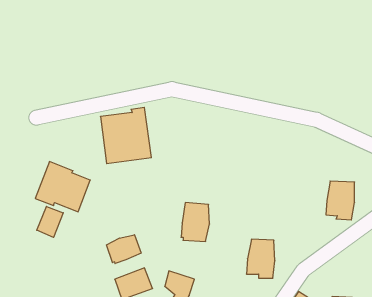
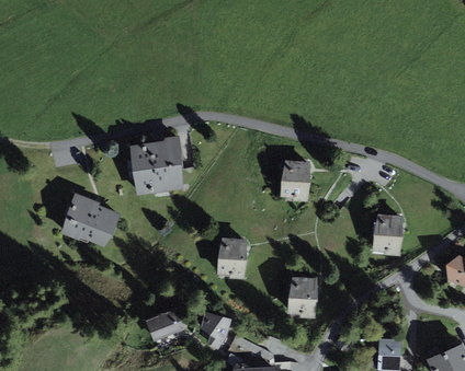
building: none -> [280,160,309,201]
building: [37,206,63,237] -> none
building: [107,235,141,264] -> none

